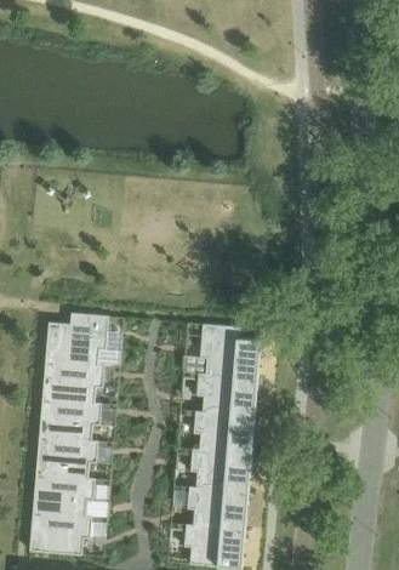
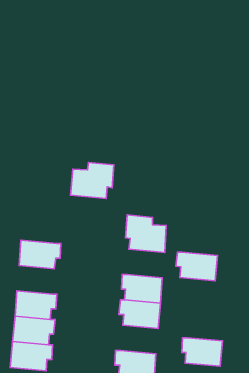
building: [44,313,108,366] -> [70,162,114,198]
building: [195,375,257,417] -> [176,252,218,281]
building: [38,399,101,441] -> none
building: [187,488,247,530] -> [182,338,223,366]

